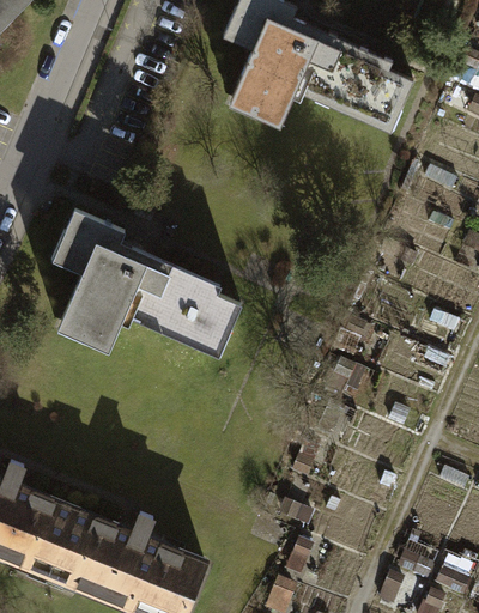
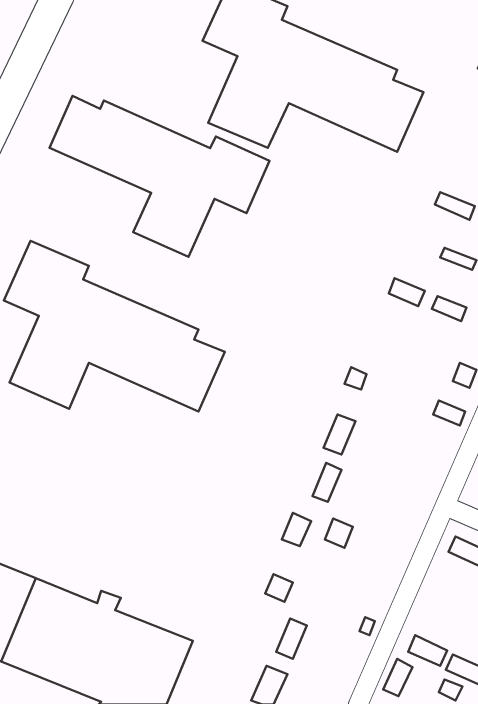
building: none -> [49,96,270,257]

